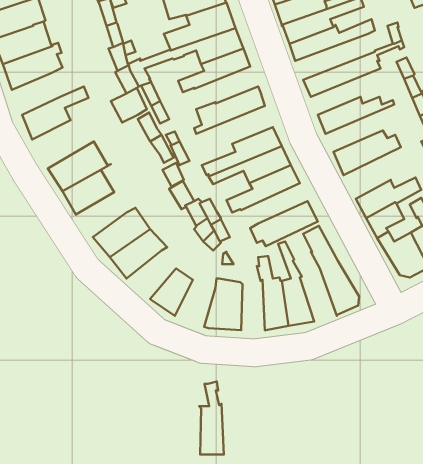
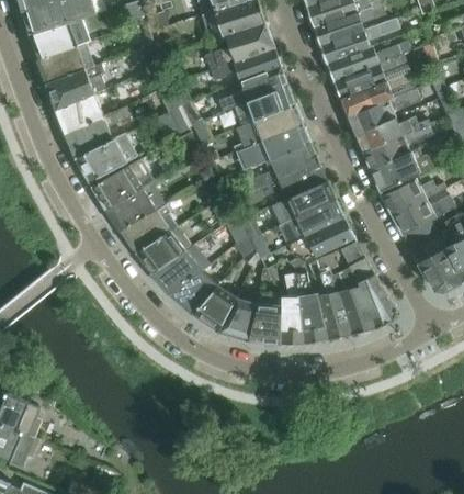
building: none -> [333,54,411,99]
building: none -> [235,86,297,122]
building: none -> [349,88,421,133]
building: none -> [57,92,104,133]
building: none -> [363,123,434,169]
building: none -> [237,124,312,170]
building: none -> [77,132,137,181]
building: none -> [382,178,446,215]
building: none -> [281,200,346,244]
building: none -> [120,203,178,252]
building: none -> [169,263,225,313]
building: none -> [331,267,374,335]
building: none -> [216,289,257,340]
building: [199,381,224,454] -> [280,272,304,344]

